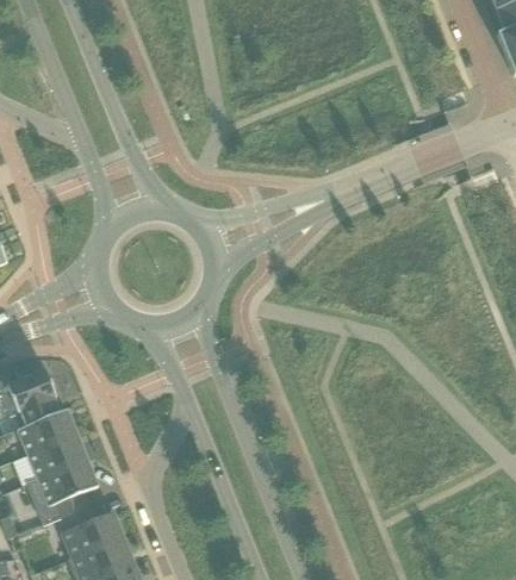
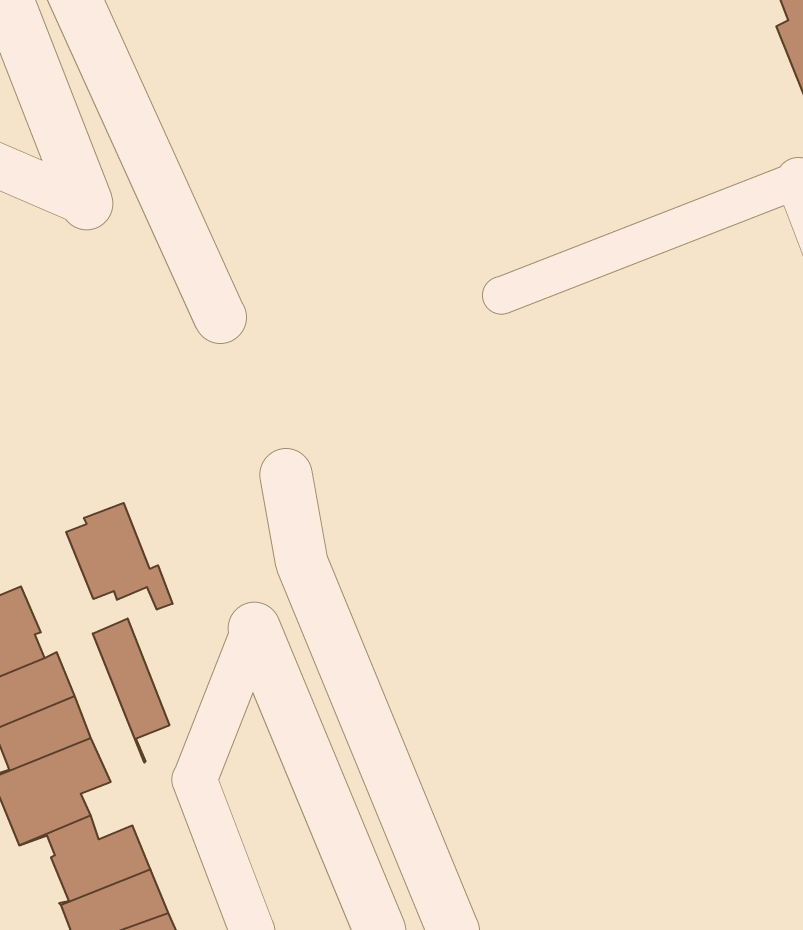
building: none -> [66,503,173,610]
building: none -> [93,618,169,763]

